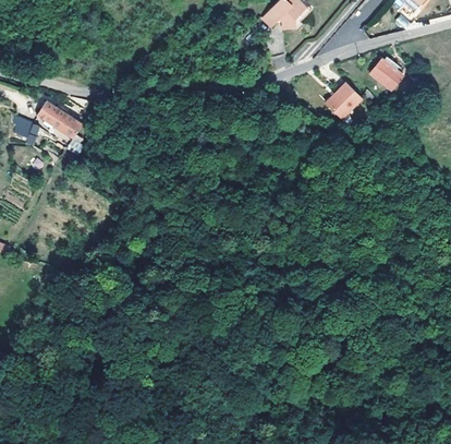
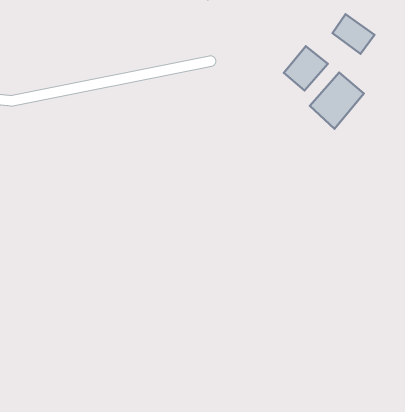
building: none -> [310,72,364,129]

